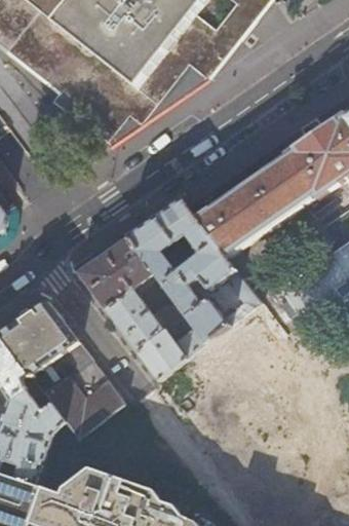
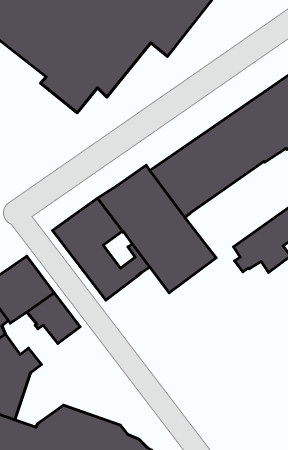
building: [138,314,208,380] -> none
building: [40,379,126,441] -> none

